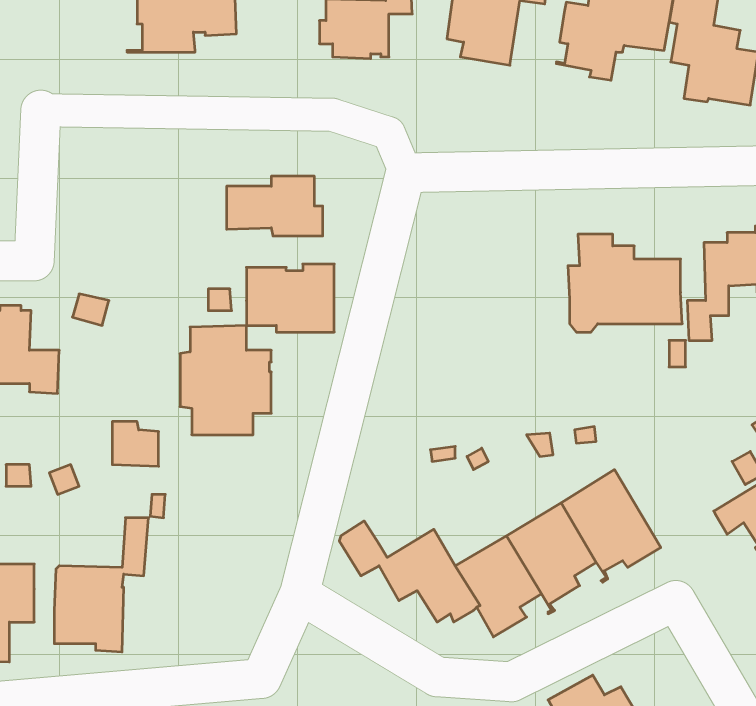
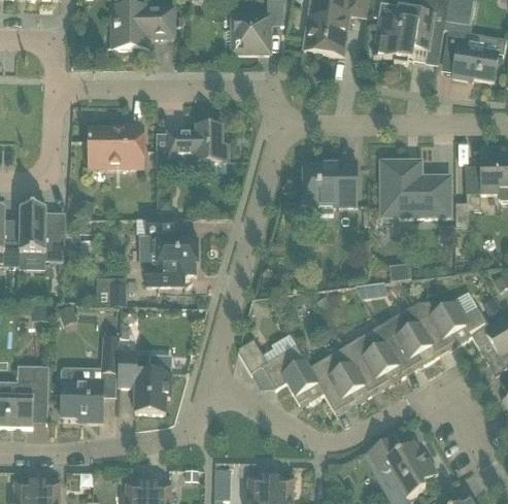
building: none -> [297,161,355,207]
building: [246,264,334,332] -> [88,126,142,168]
building: none -> [408,297,486,356]
building: none -> [116,350,170,413]

